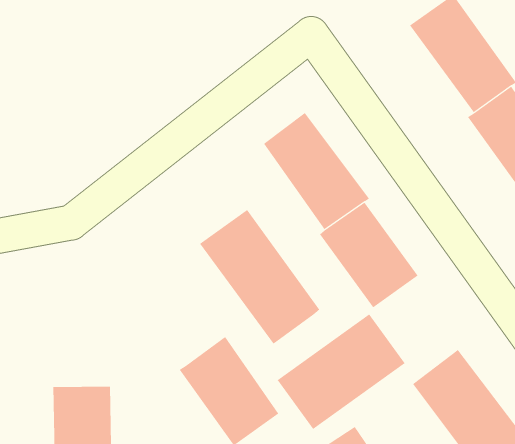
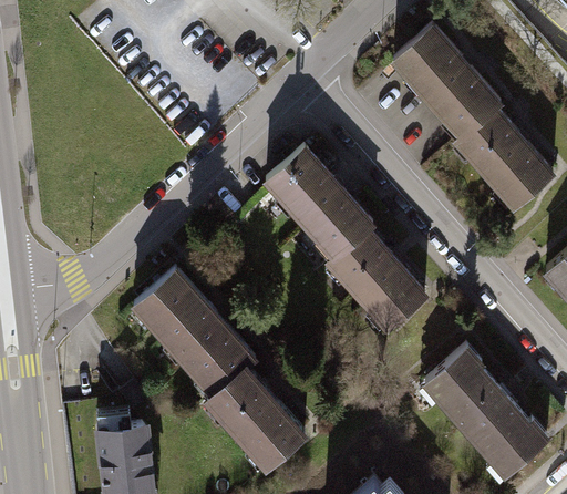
building: [199,209,320,344] -> [137,275,256,399]
building: [277,314,405,430] -> none

